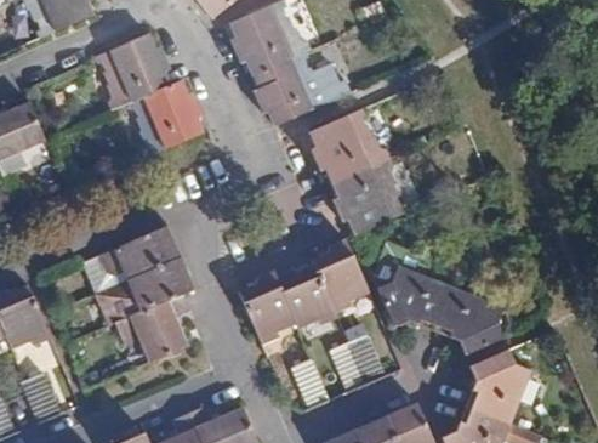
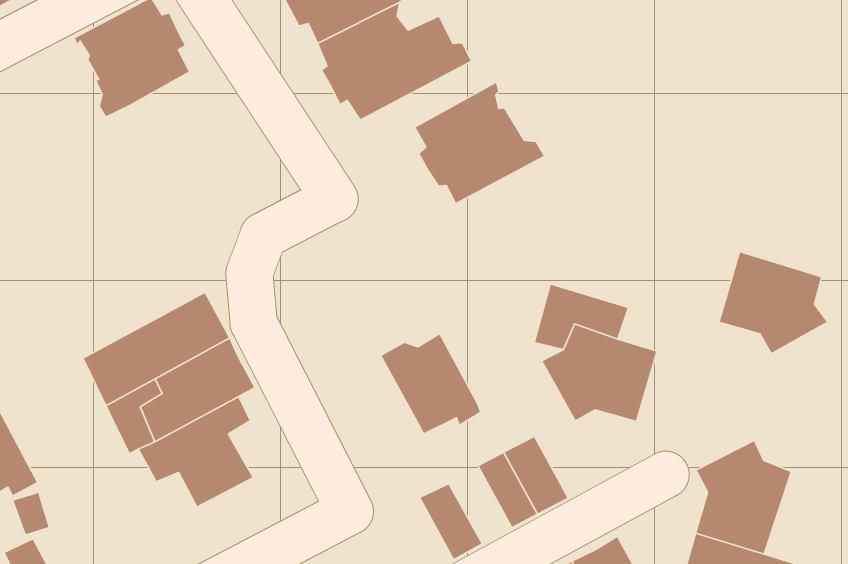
building: [129,79,203,157] -> none
building: [330,157,408,234] -> none
building: [313,239,368,311] -> none
building: [239,269,295,342] -> none
building: [433,286,502,353] -> [719,251,828,354]

